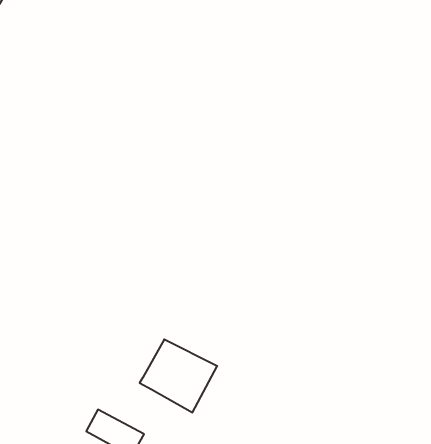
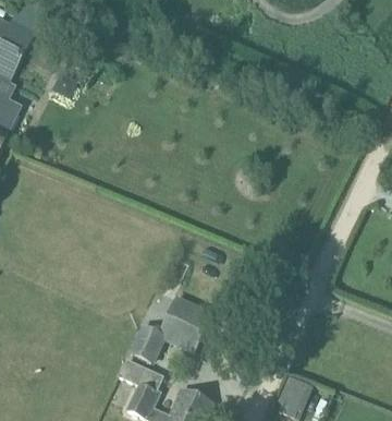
building: none -> [127,322,164,363]

